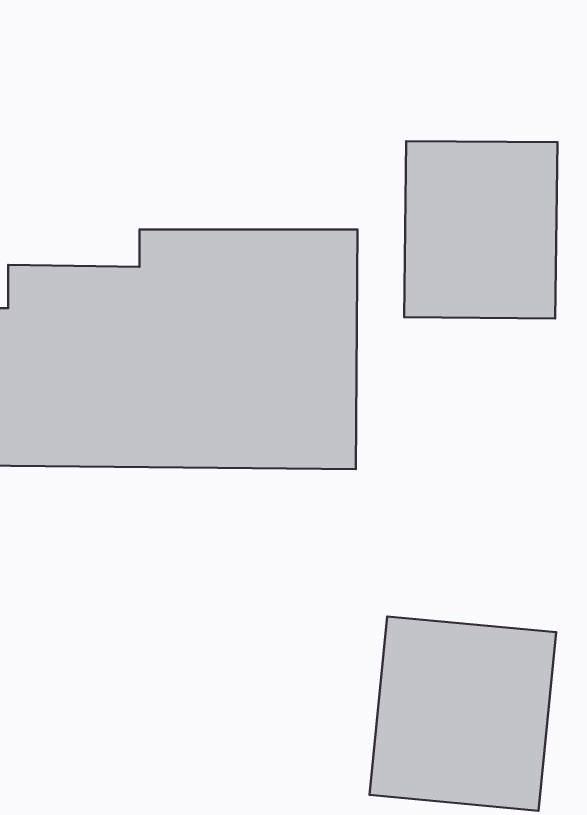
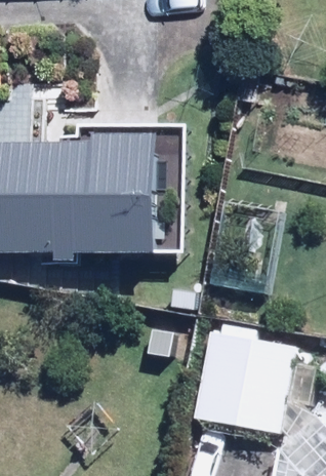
building: [404,141,558,319] -> none

